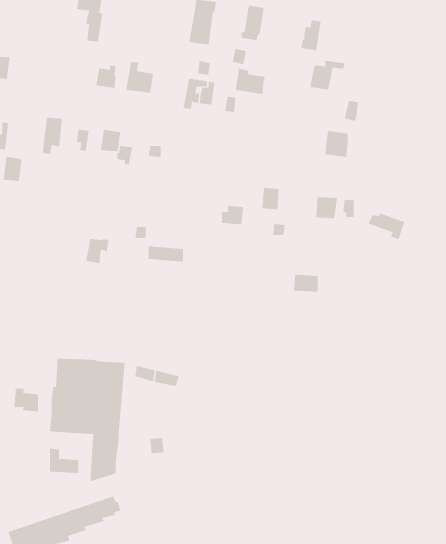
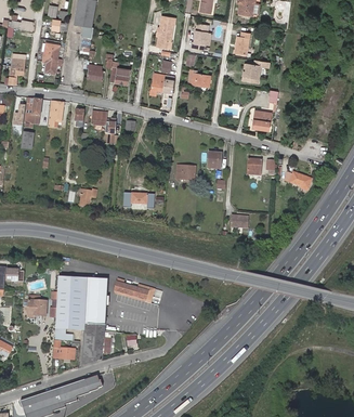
building: none -> [38,43,62,75]
building: none -> [24,96,42,126]

